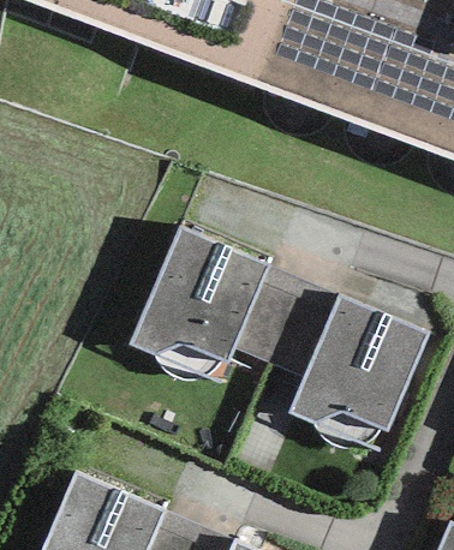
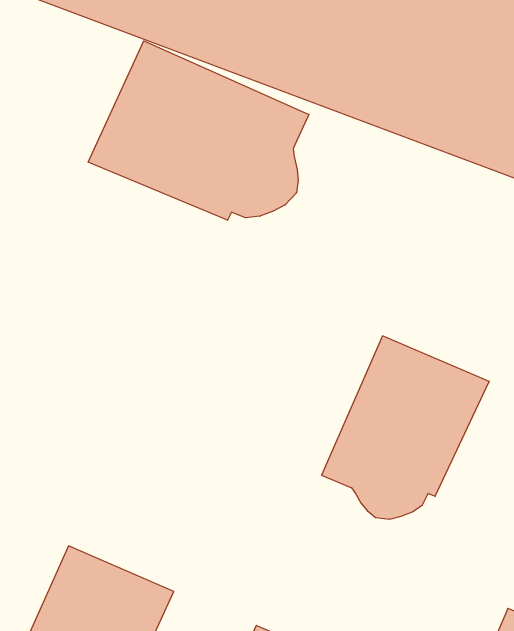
building: none -> [88,41,309,220]
building: [129,226,270,382] -> none

